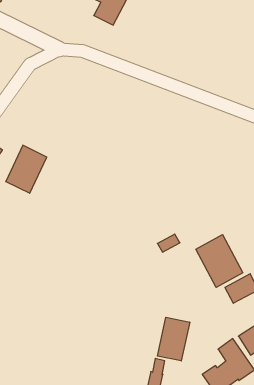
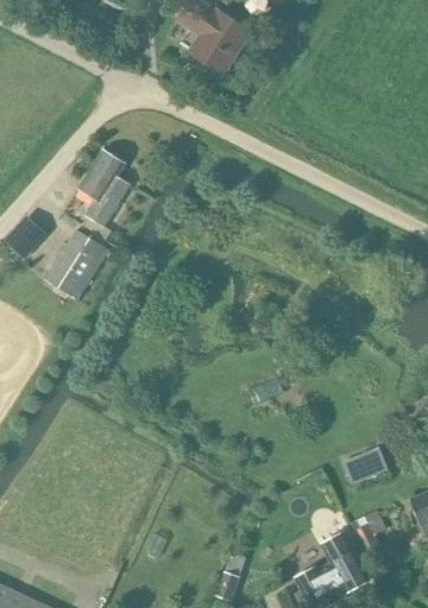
building: none -> [78,150,130,227]
building: [196,235,243,287] -> none
building: [157,317,190,361] -> none

